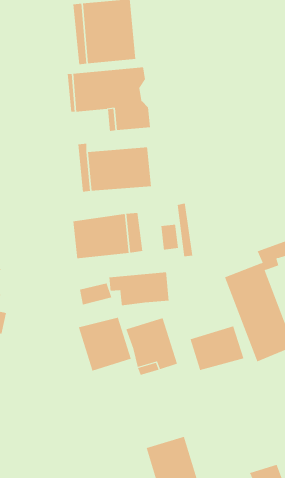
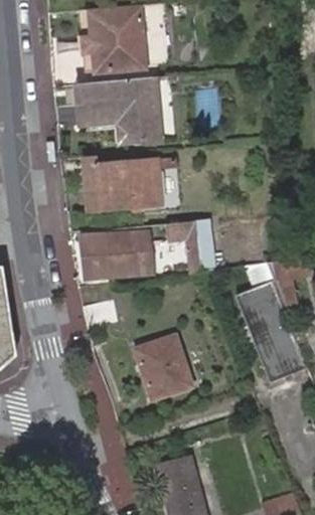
building: [109,272,169,306] -> none
building: [78,317,131,371] -> none
building: [190,326,244,371] -> none

